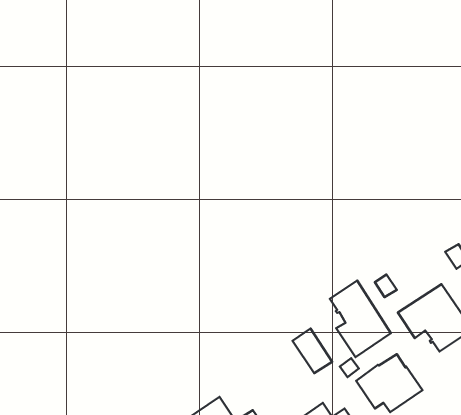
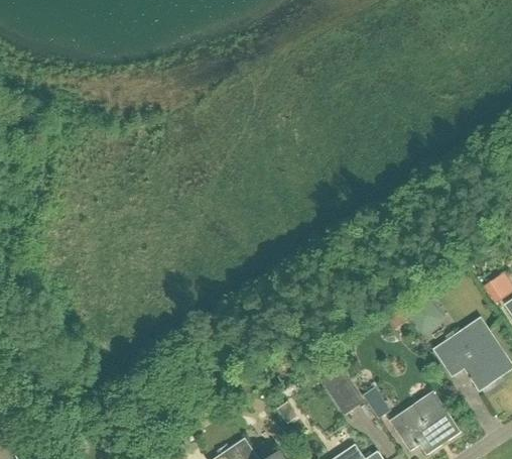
building: [330,281,391,357] -> none

